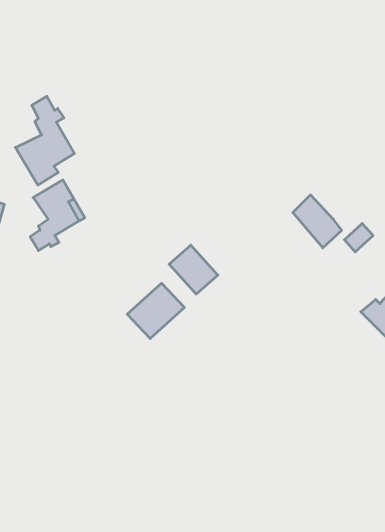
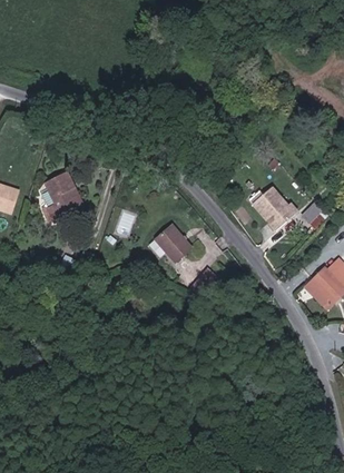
building: [15,96,74,185] -> none
building: [127,283,184,339] -> none

